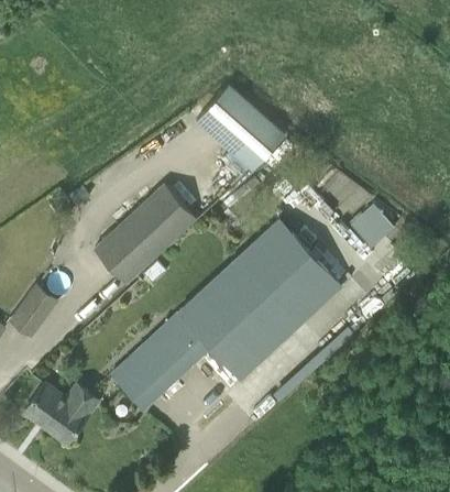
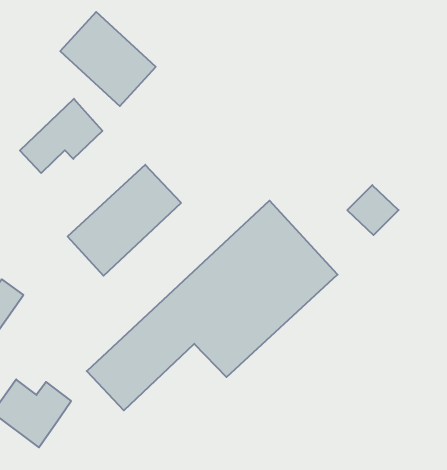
building: [195,84,283,171] -> [60,12,156,106]
building: none -> [20,99,102,173]

